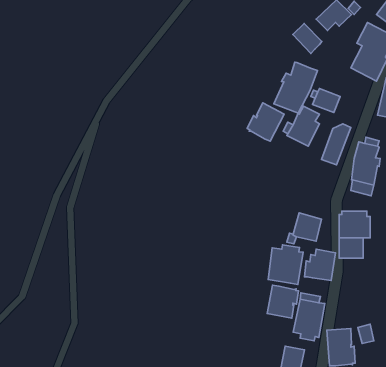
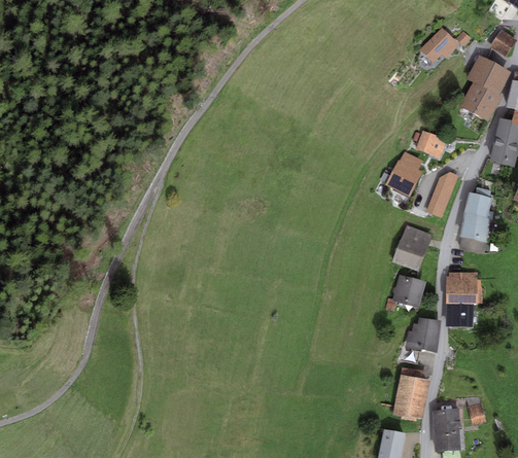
building: [293,23,322,53] -> none
building: [274,62,317,113] -> none
building: [247,103,284,141] -> none
building: none -> [392,225,433,272]
building: [268,245,303,285] -> none
building: [267,285,299,318] -> none

